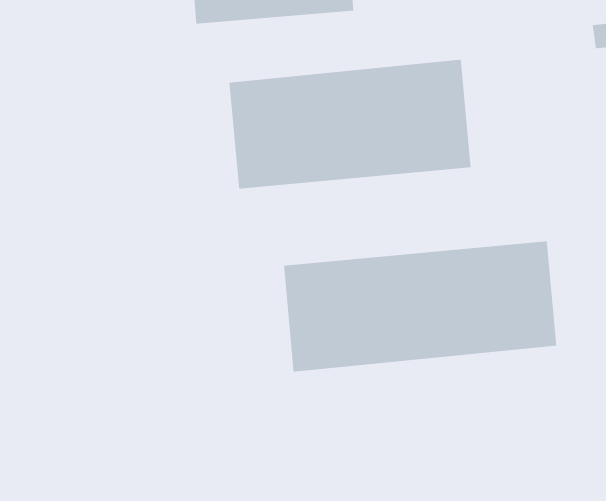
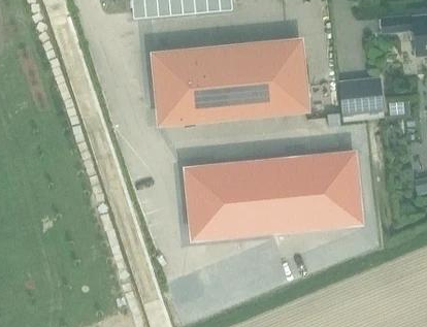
building: none -> [338,78,384,116]

